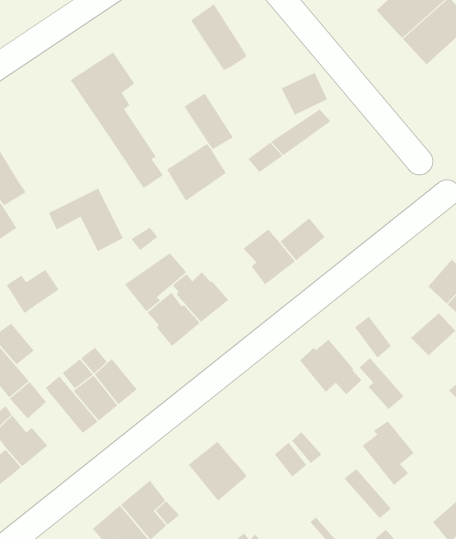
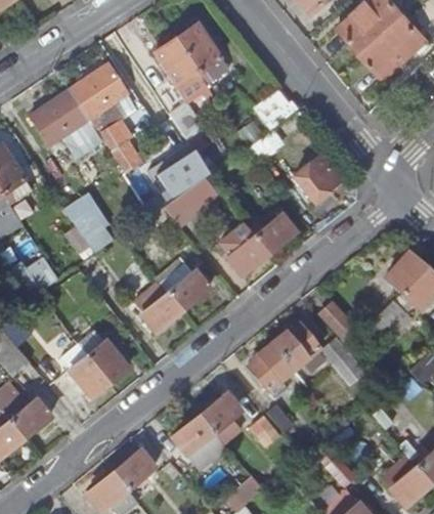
building: none -> [154,38,213,102]
building: none -> [29,91,100,157]
building: none -> [296,155,340,201]
building: [124,253,187,312] -> [164,176,220,229]
building: none -> [200,391,241,441]
building: [362,421,414,486] -> [249,342,296,400]

